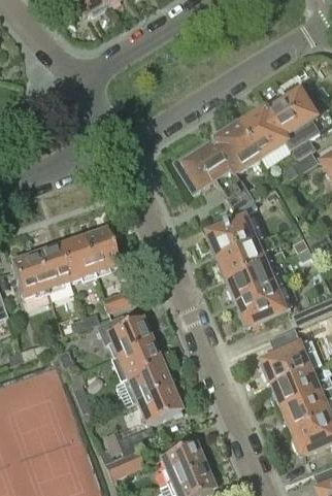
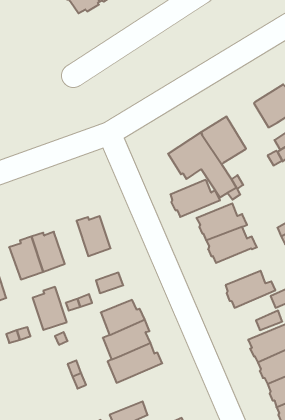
building: [240,107,288,159] -> none
building: [58,235,94,280] -> [33,287,67,330]
building: [229,264,281,303] -> [170,180,220,217]
building: [136,386,179,425] -> none

